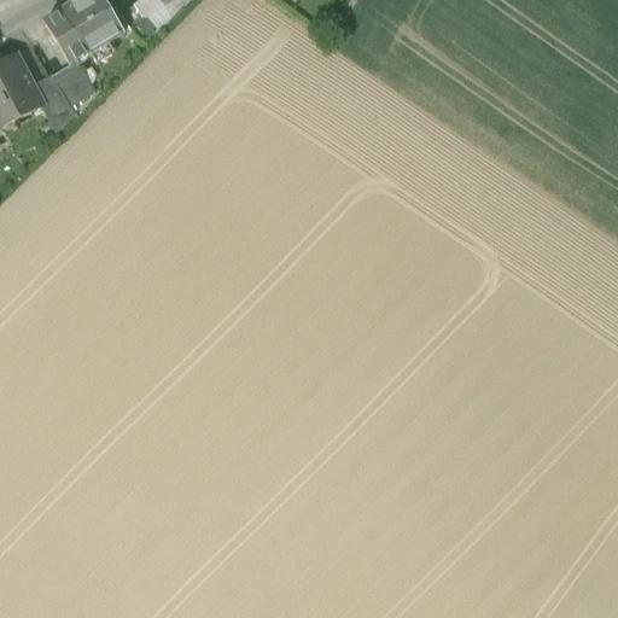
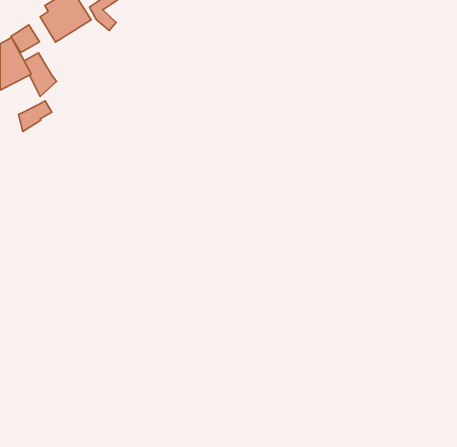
building: [57,64,95,101] -> [11,25,40,52]
building: none -> [19,101,52,132]

